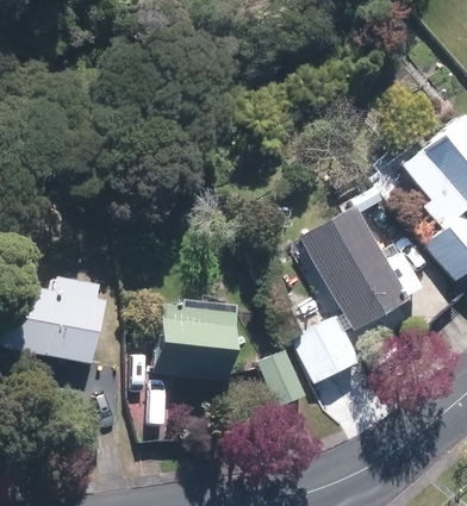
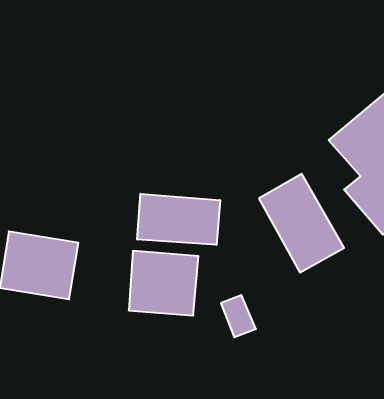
building: none -> [137,194,220,245]
building: [301,320,361,380] -> none

